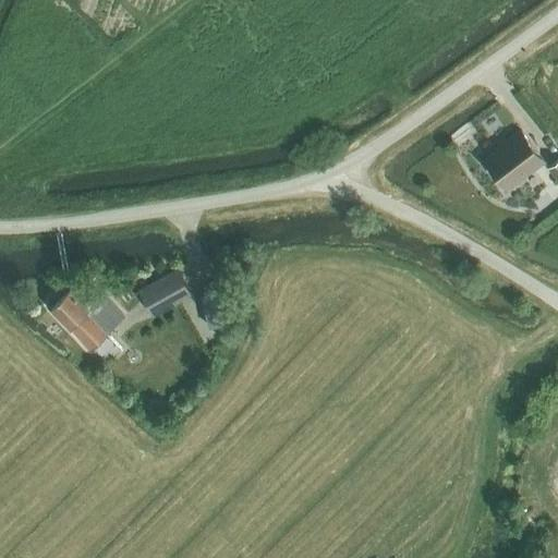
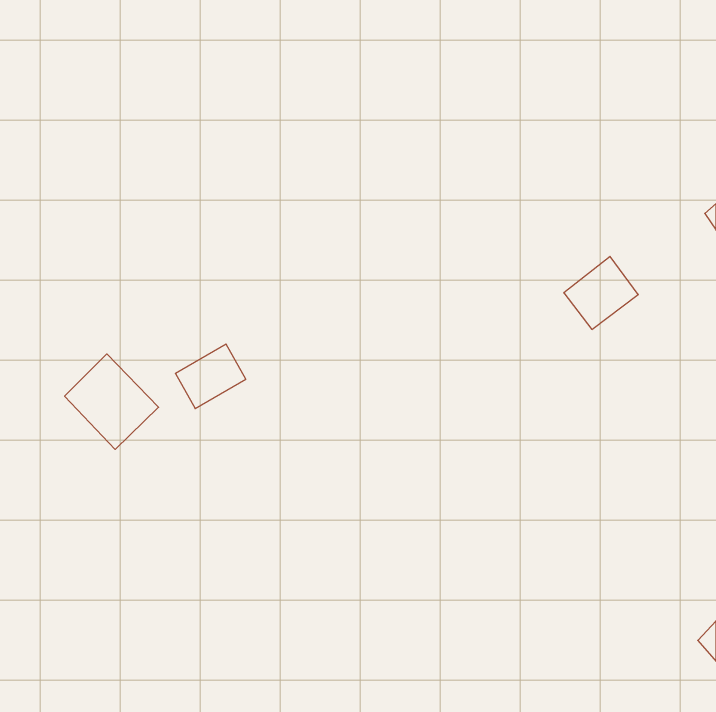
building: [484,135,542,192] -> [564,256,638,329]

